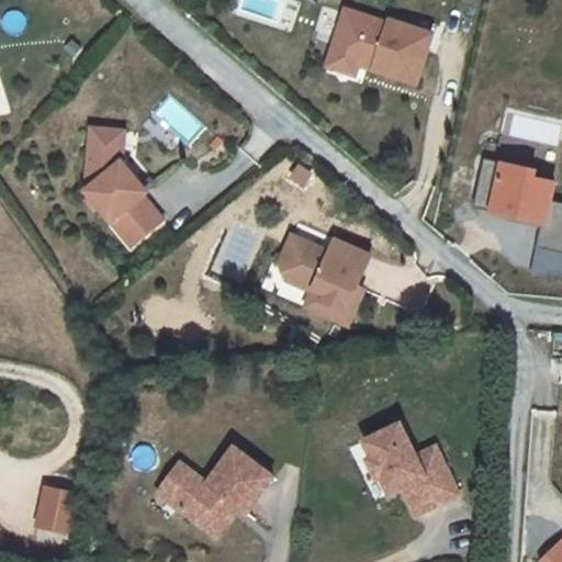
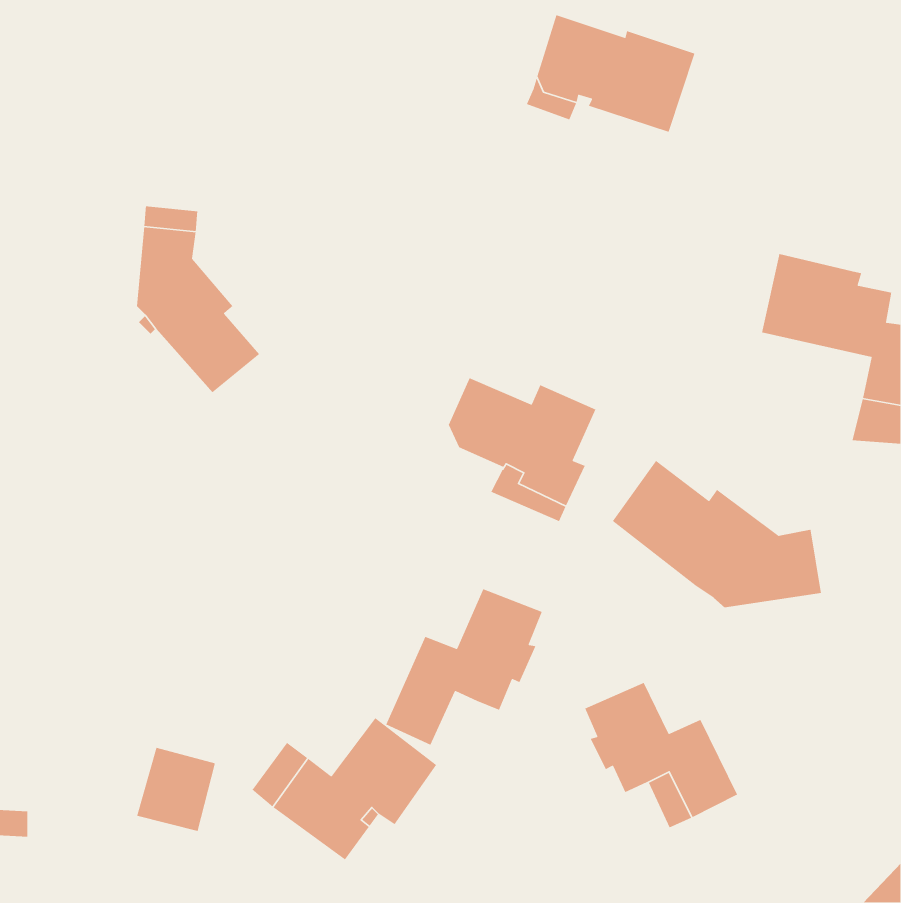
building: none -> [612,460,822,608]
building: none -> [385,588,543,746]
building: [30,482,79,535] -> [136,747,216,832]

